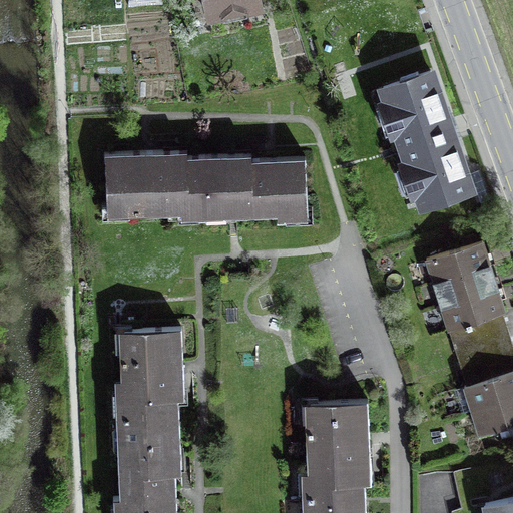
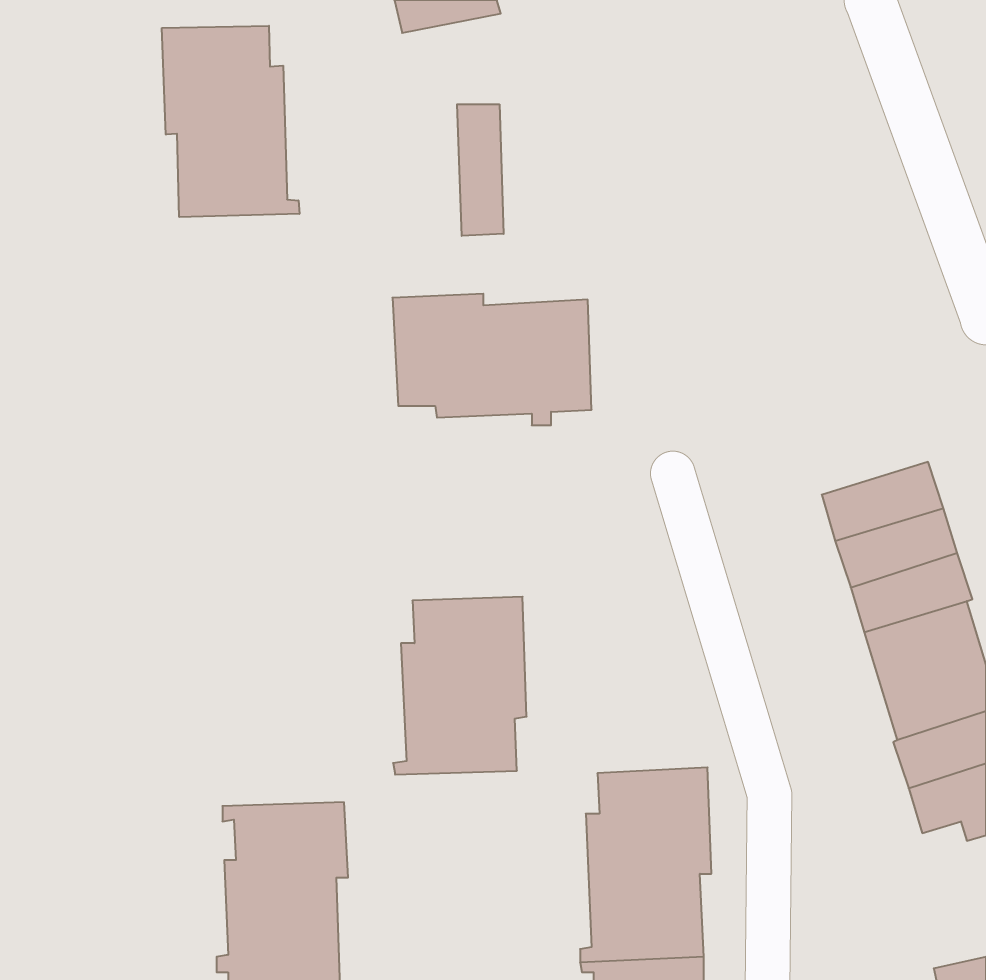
building: none -> [162,26,299,217]
building: none -> [457,104,504,236]
building: [381,74,473,210] -> none
building: [104,152,206,218] -> none
building: [114,330,183,422] -> [393,597,527,775]

